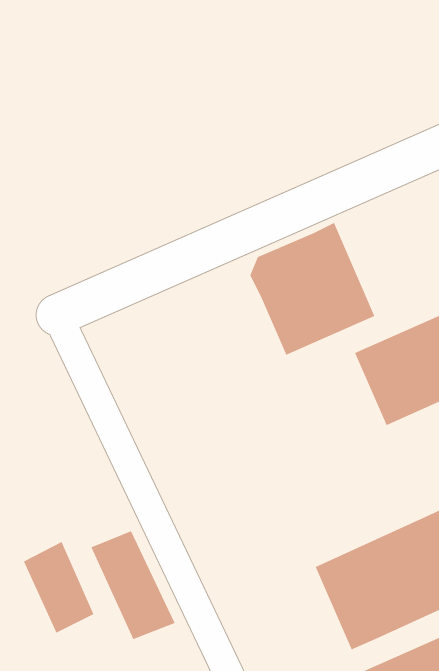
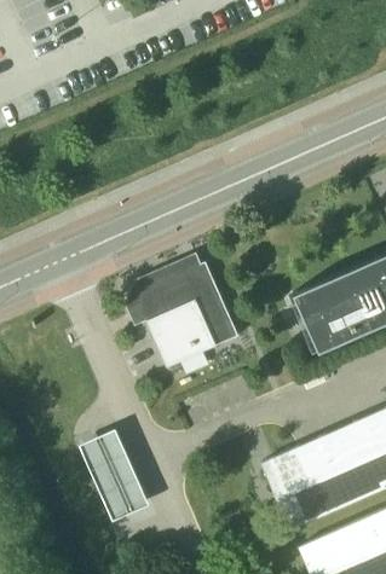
building: [249,222,375,356] -> [137,263,237,370]
building: [23,541,94,633] -> none

